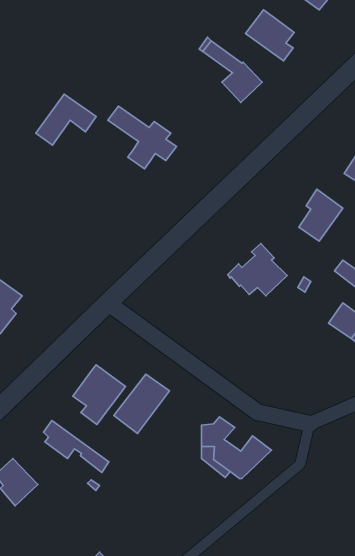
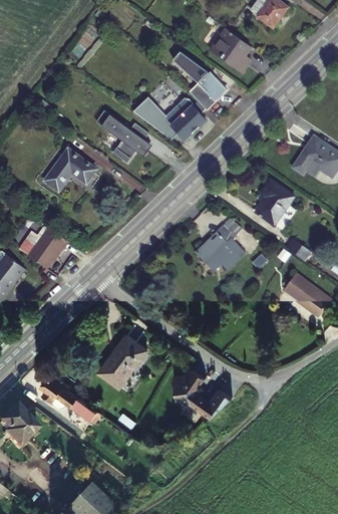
building: none -> [133,97,199,140]
building: [36,94,96,145] -> [45,149,96,192]
building: none -> [20,225,69,268]
building: [73,365,126,424] -> none

